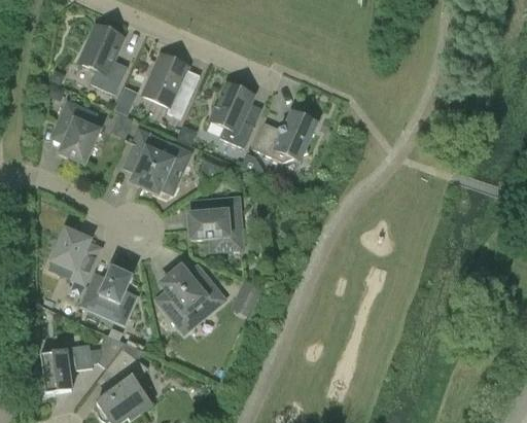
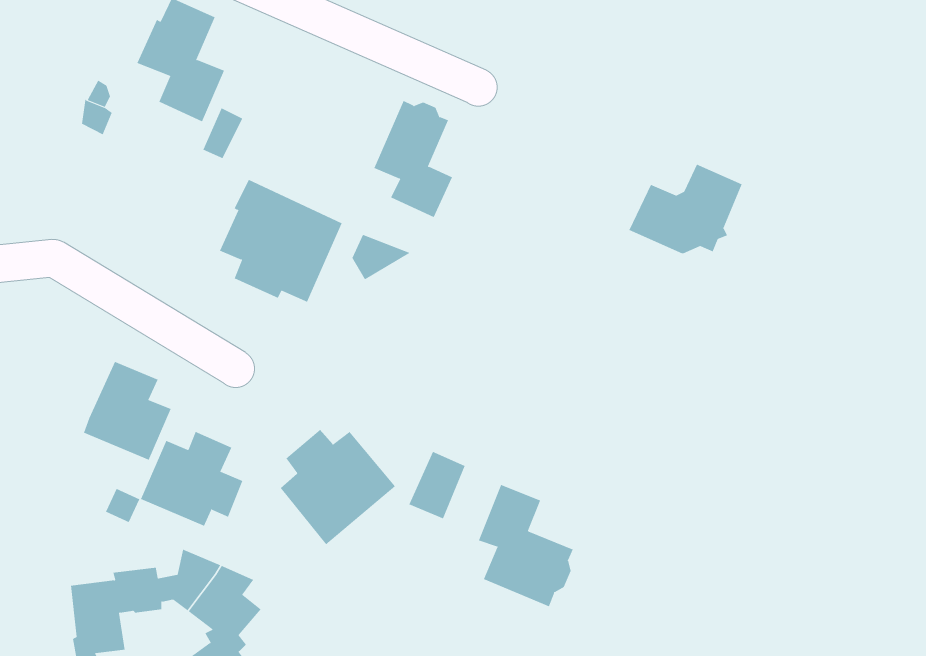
building: [143,54,194,118] -> none
building: [59,101,99,165] -> none
building: [252,111,316,162] -> [628,164,742,254]
building: [187,198,242,251] -> none
building: none -> [478,484,573,607]

